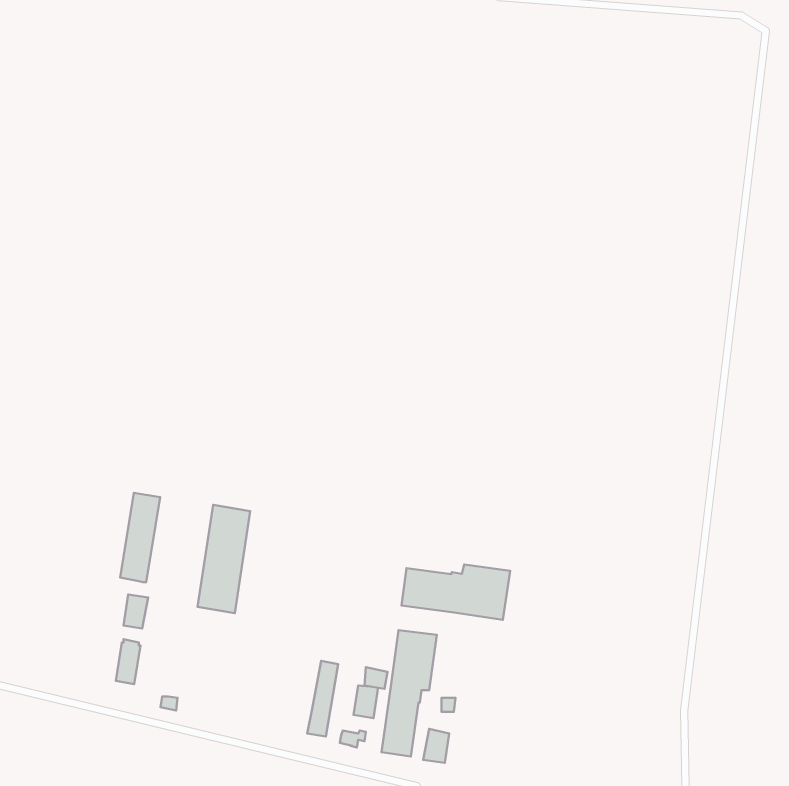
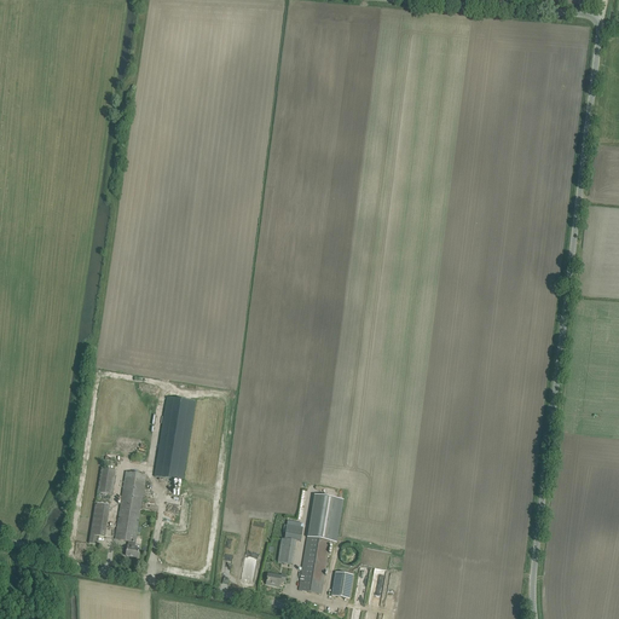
building: [120,493,160,582] -> [115,470,146,540]
building: [402,564,510,620] -> none

